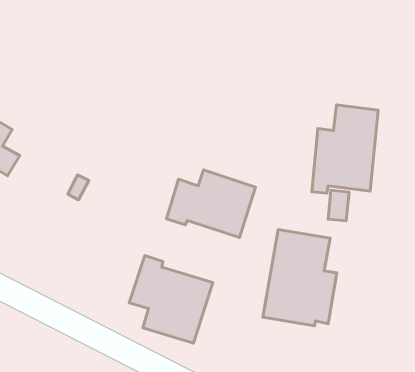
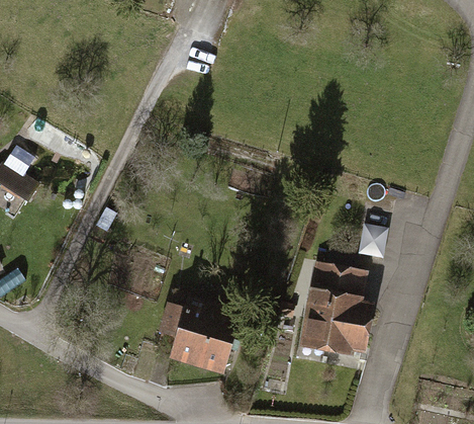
building: [312,105,378,193] -> none
building: [166,170,255,238] -> none

